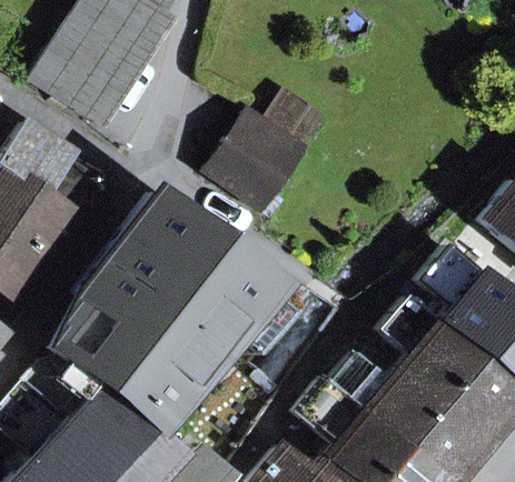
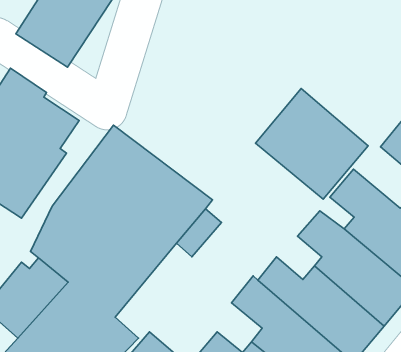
building: [211,111,309,210] -> none
building: none -> [256,89,368,199]

